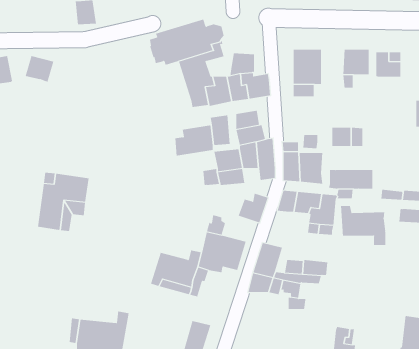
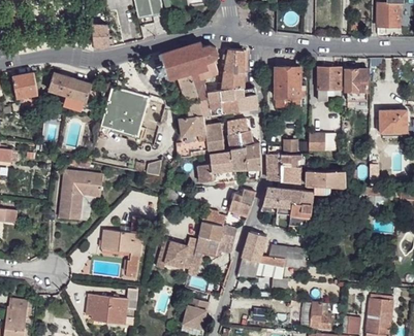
building: none -> [221,48,245,71]
building: none -> [65,77,98,109]
building: none -> [100,86,149,135]
building: none -> [180,114,206,135]
building: [341,205,386,246] -> none
building: none -> [101,217,147,270]

